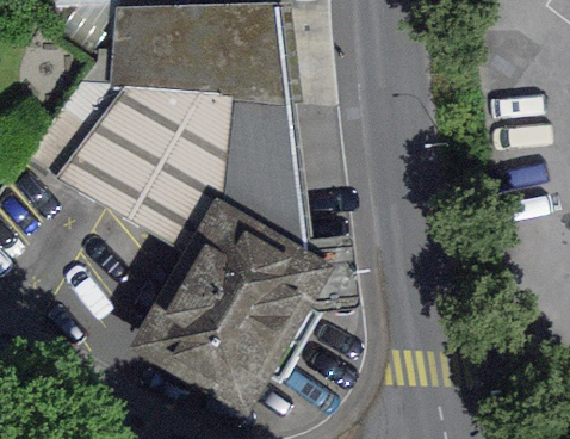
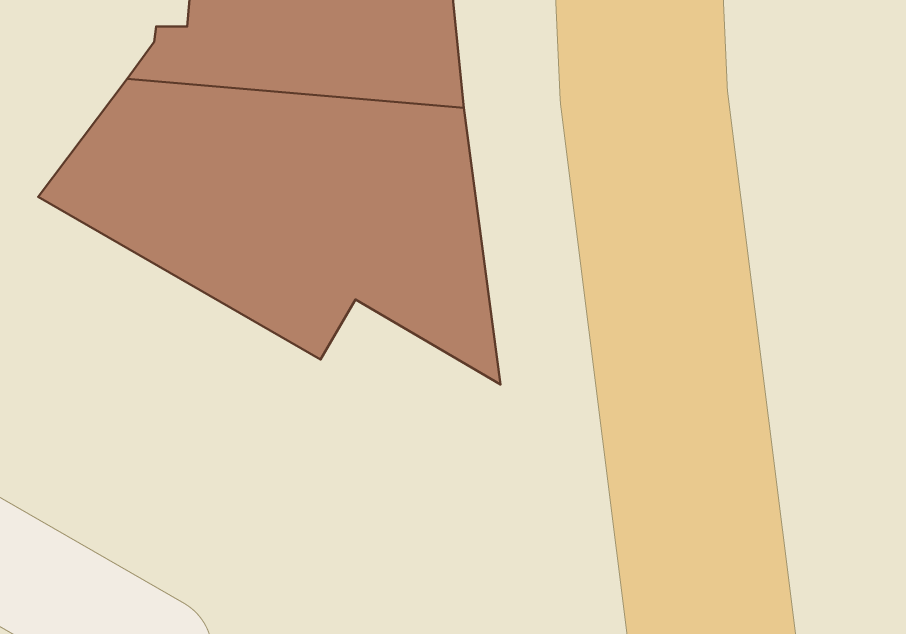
building: [150,221,318,392] -> none

